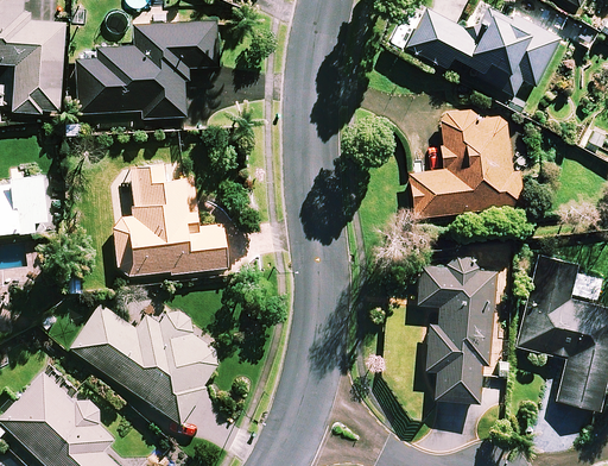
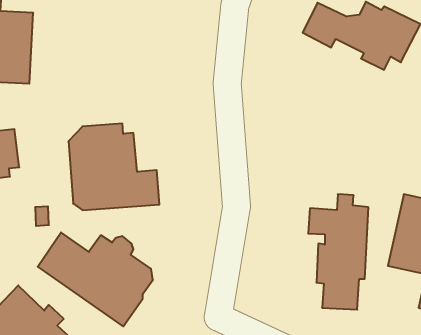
building: [77,20,218,118] -> none
building: [410,108,521,216] -> none

